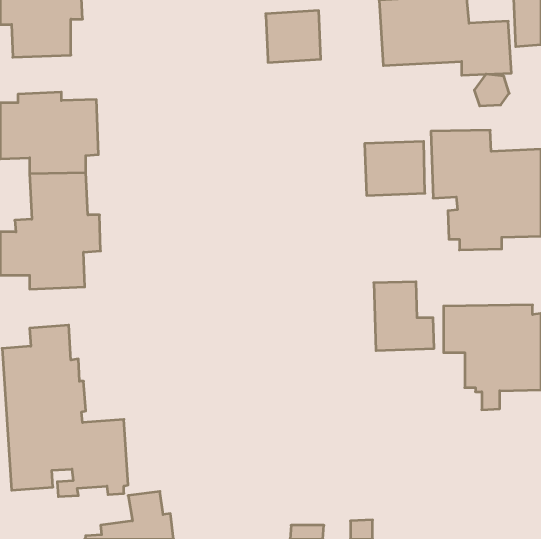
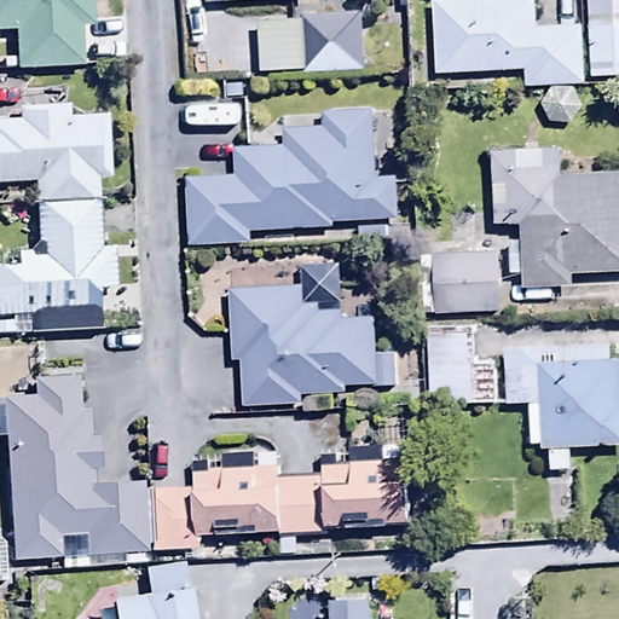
building: none -> [261,18,306,69]
building: none -> [186,110,397,244]
building: [365,141,425,195] -> [434,251,503,313]
building: none -> [230,264,395,405]
building: none -> [150,452,407,553]

